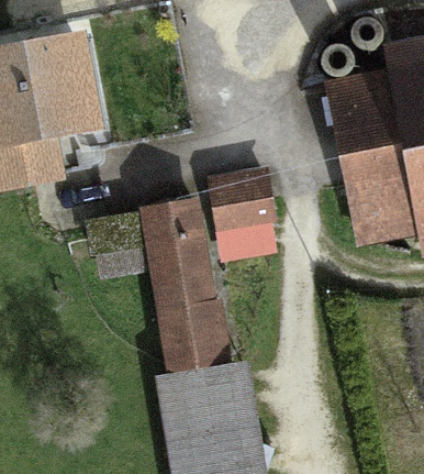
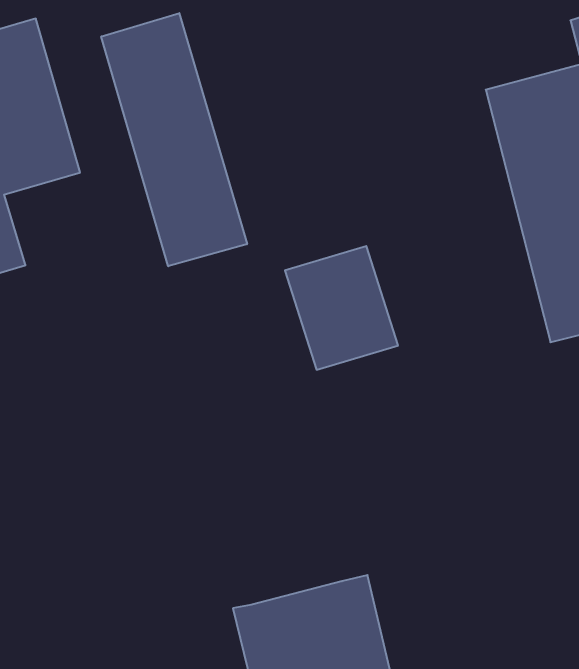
building: none -> [101,13,247,266]
building: [147,216,227,384] -> none

